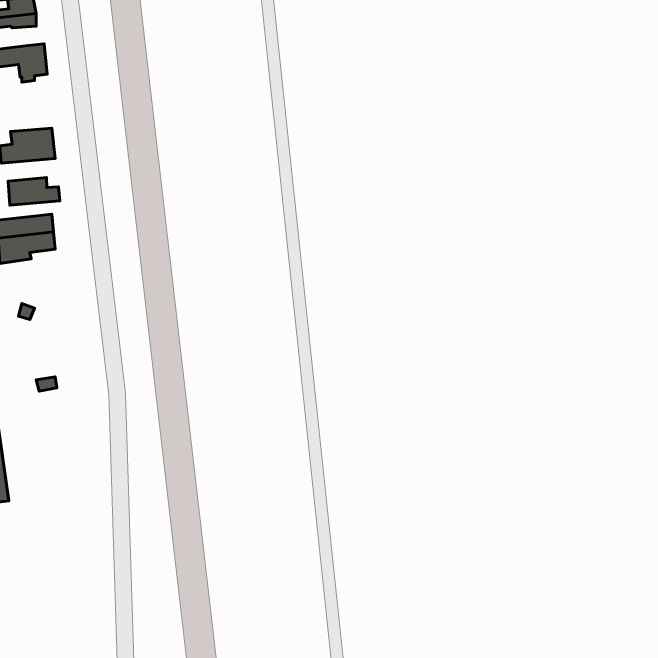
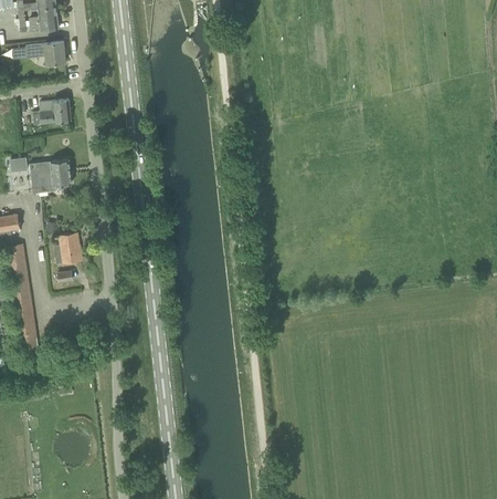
building: [8,178,60,205] -> none
building: none -> [53,233,81,264]

